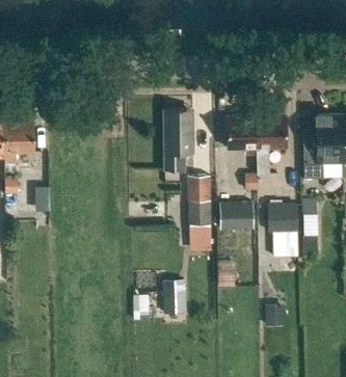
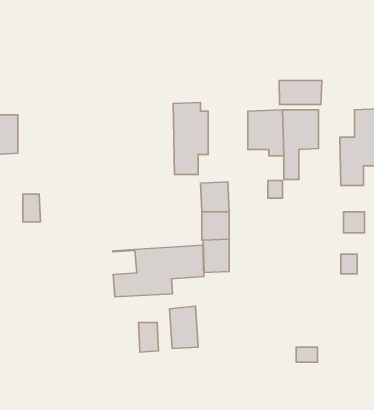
building: none -> [279,81,322,105]
building: [219,201,254,230] -> none
building: [268,203,297,257] -> none
building: none -> [113,245,204,297]

